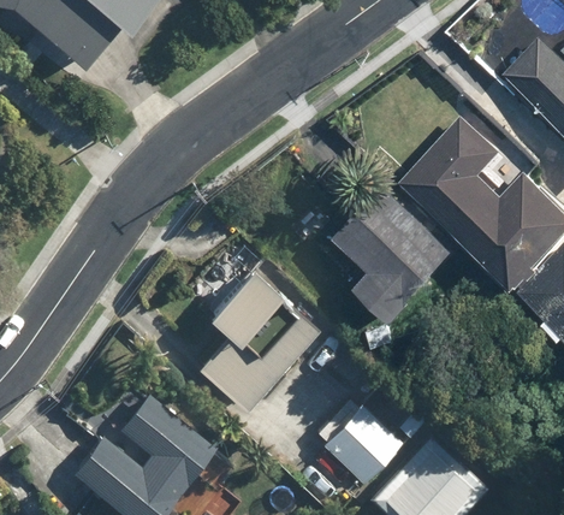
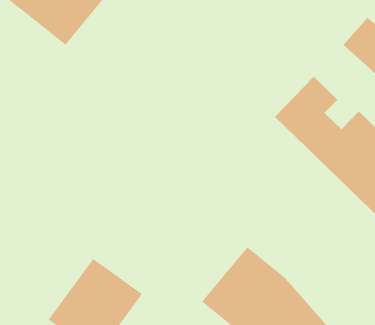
building: [333,184,455,320] -> none
building: [198,270,319,413] -> none

